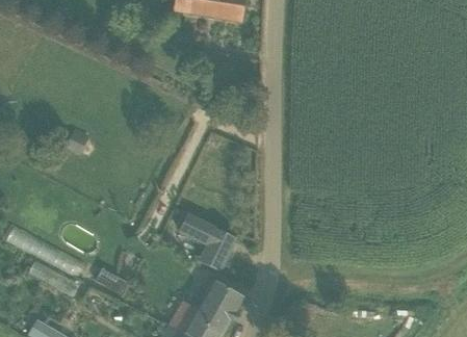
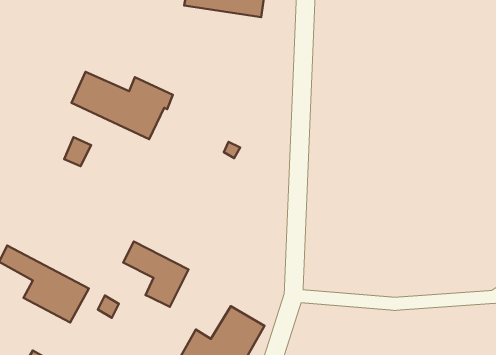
building: none -> [72,72,173,139]
building: [178,212,236,270] -> [123,242,188,307]

